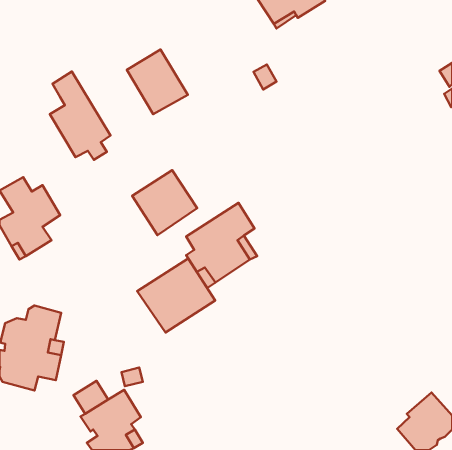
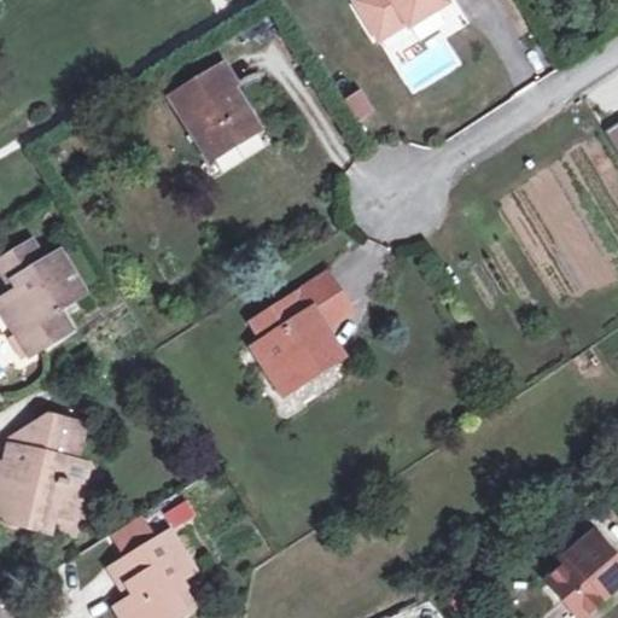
building: [50,71,111,160] -> none
building: [132,170,197,235] -> none
building: [137,258,215,333] -> none

